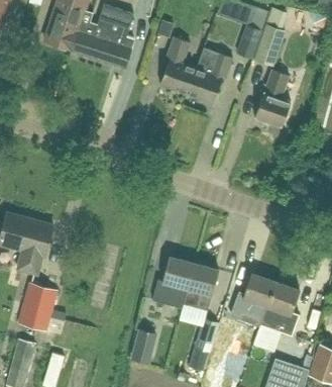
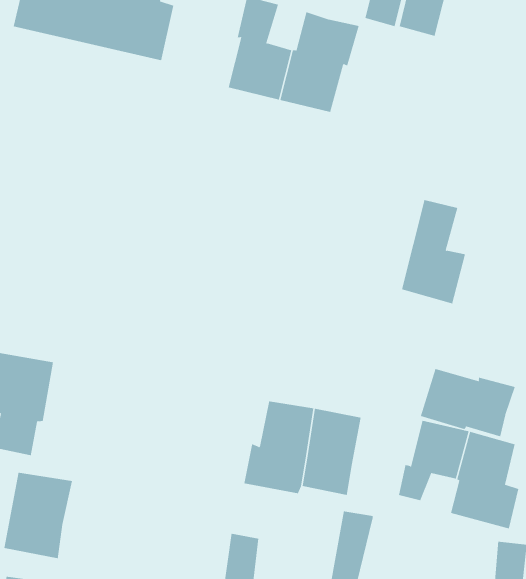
building: [254,70,291,127] -> [401,200,466,304]
building: none -> [420,368,515,437]

